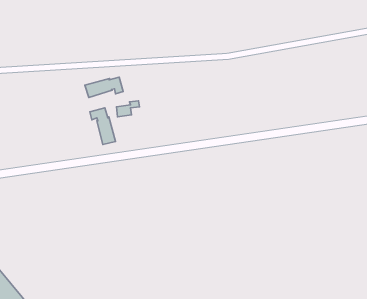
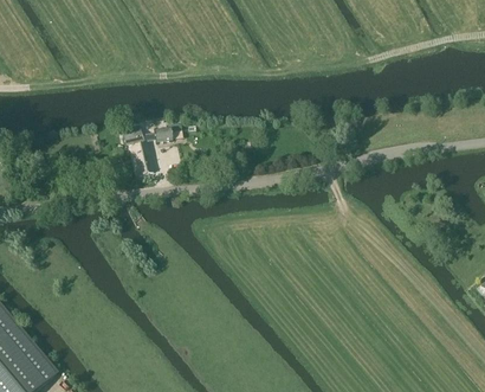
building: [85,77,123,97] -> none

